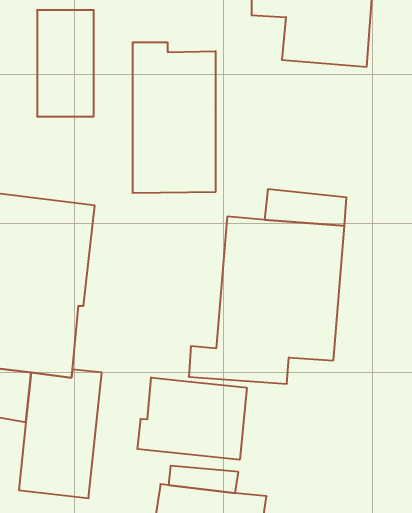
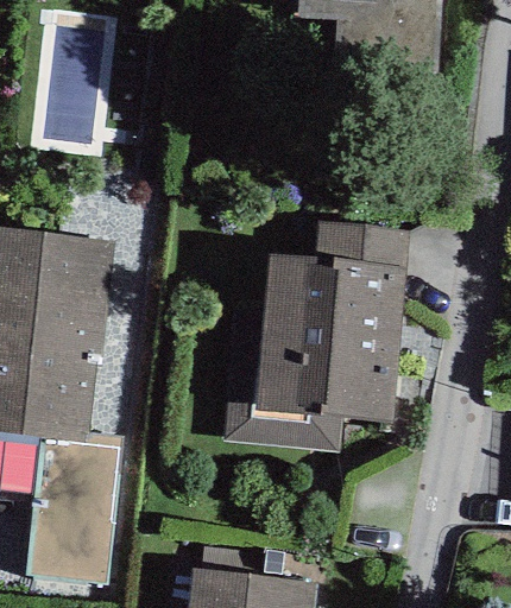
building: [133,42,216,193] -> none
building: [138,377,247,460] -> none

